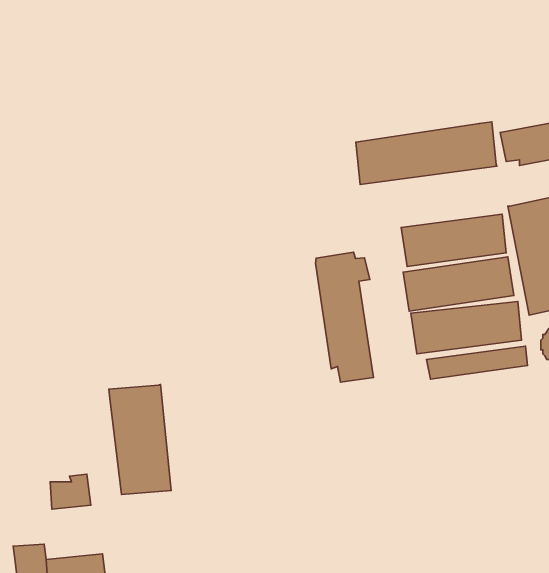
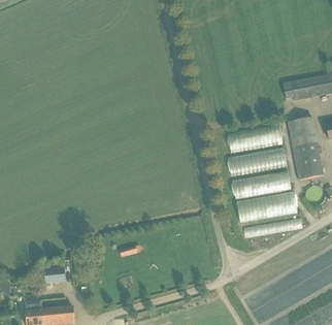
building: [356,122,497,184] -> none
building: [316,252,373,382] -> none
building: [109,384,171,494] -> none

